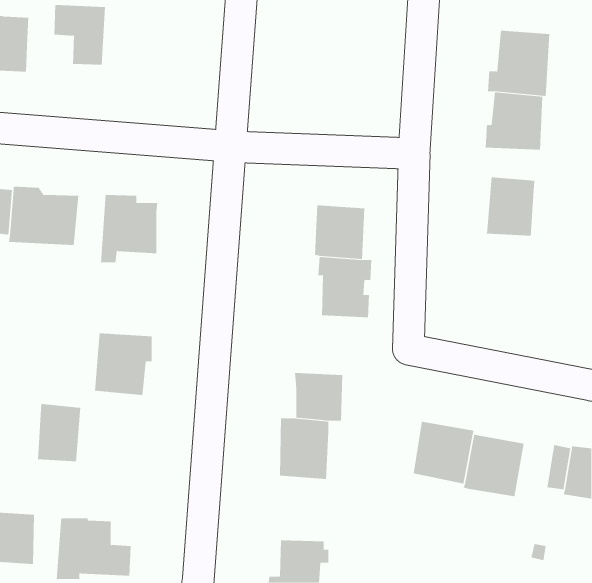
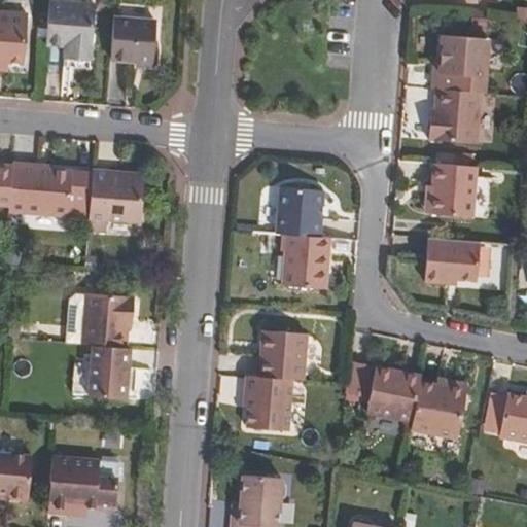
building: none -> [112,21,154,62]
building: none -> [424,233,479,278]
building: [37,404,81,462] -> [92,347,131,398]

